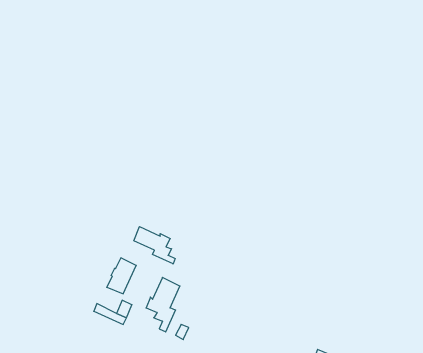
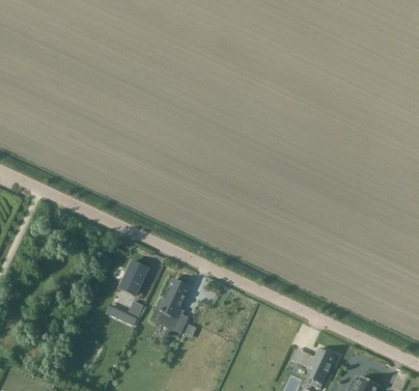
building: [134,227,175,264] -> none

